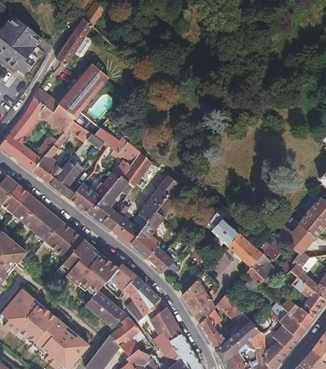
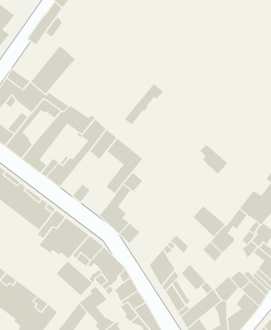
building: [90,176,132,220] -> [124,83,164,125]
building: [210,213,240,245] -> [199,144,228,175]
building: [112,217,141,244] -> none

